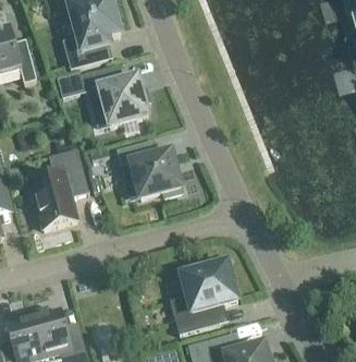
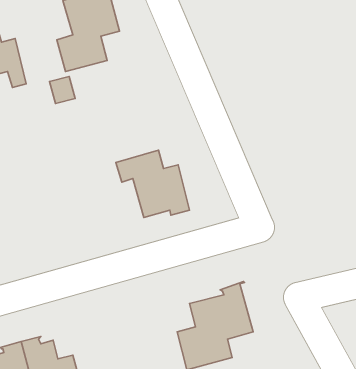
building: [78,65,150,125] -> none
building: [26,147,89,228] -> none

